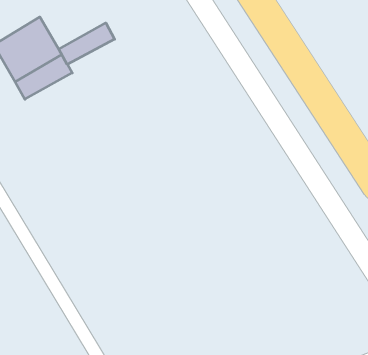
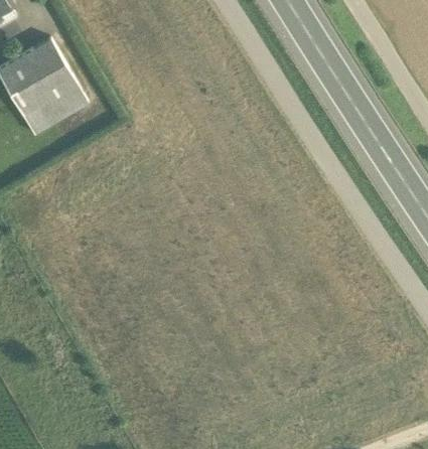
building: [59,23,115,64] -> none

